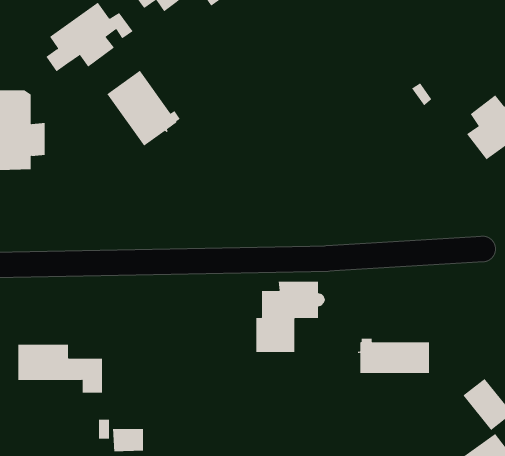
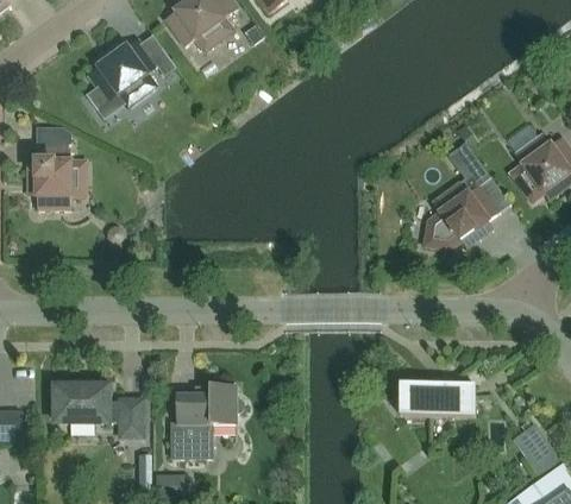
building: [106,70,181,147] -> none
building: none -> [426,141,509,247]
building: [255,281,326,353] -> [171,385,243,458]

